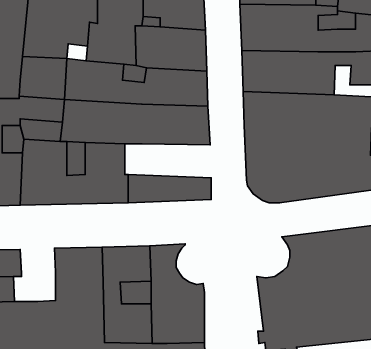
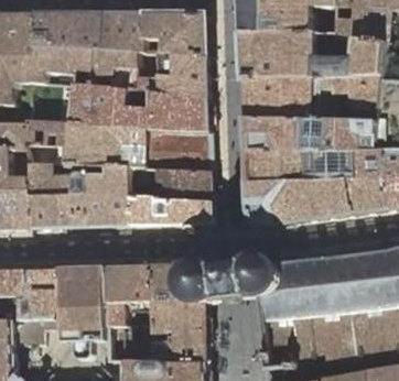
building: none -> [129,167,213,200]
building: none -> [179,258,289,304]
building: none -> [21,269,62,320]

